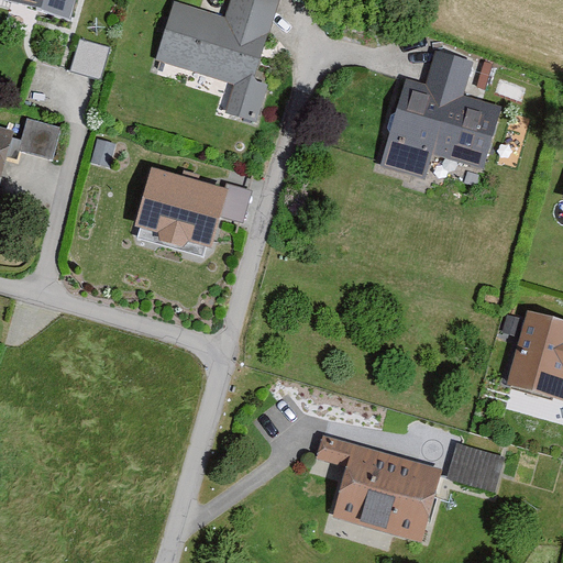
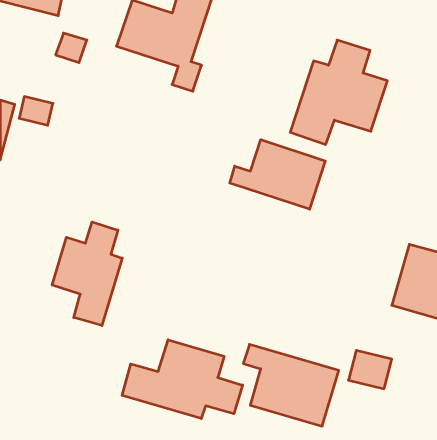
building: [130,167,253,252] -> none
building: none -> [230,140,325,209]
building: none -> [52,222,122,326]
building: none -> [122,340,243,419]

